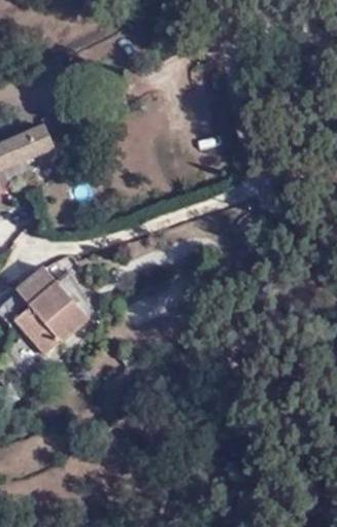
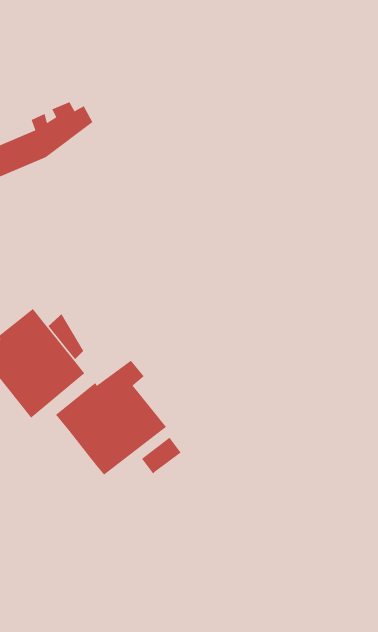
building: none -> [55,360,167,476]

